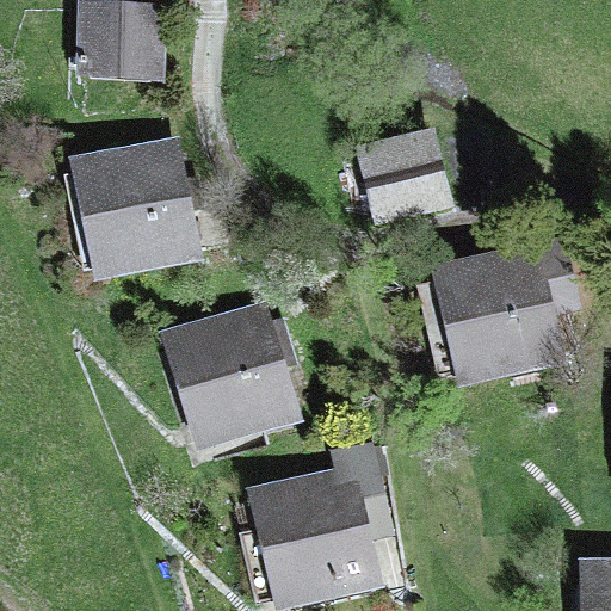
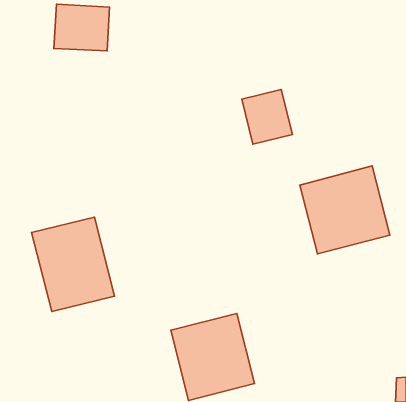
building: [72,147,181,266] -> none
building: [167,308,290,448] -> [32,217,115,311]

